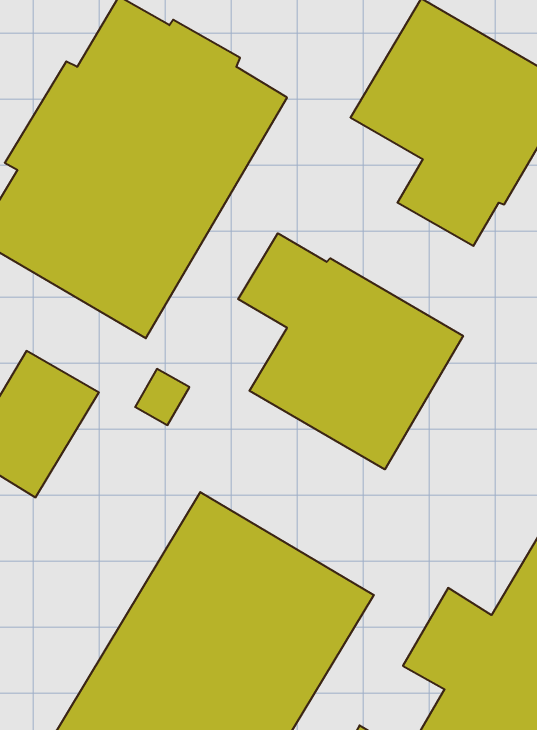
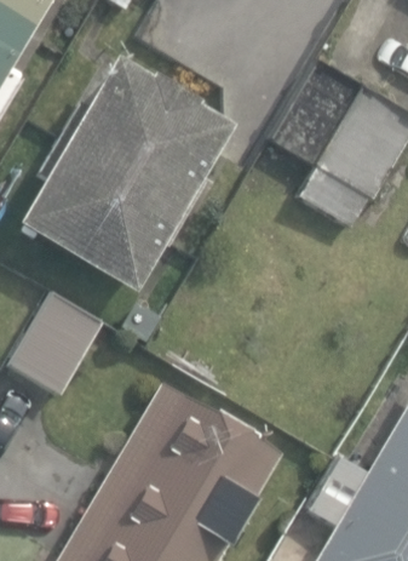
building: [238,233,463,469] -> none

